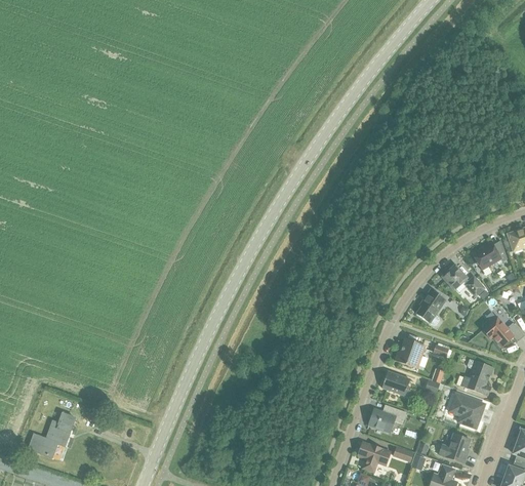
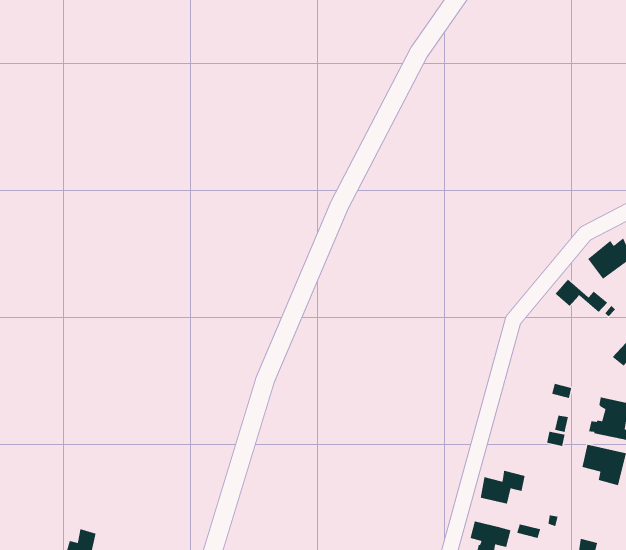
building: [416,288,446,324] -> none
building: [395,337,426,368] -> none
building: [381,370,410,395] -> none
building: [439,433,471,462] -> none

